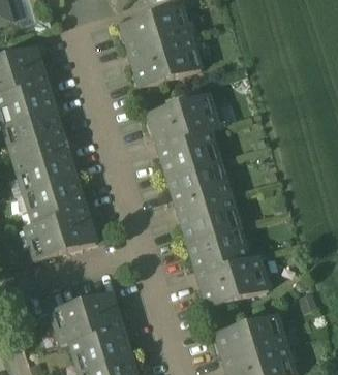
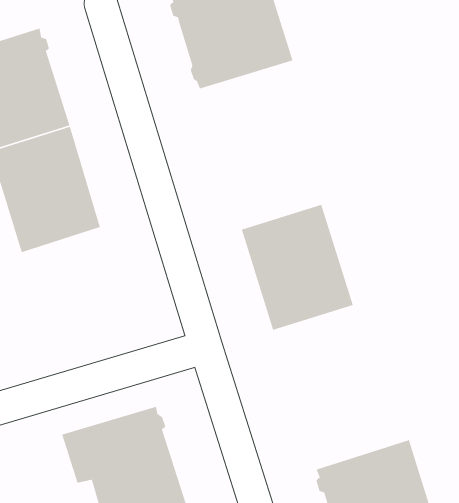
building: [147,93,219,177] -> none
building: [24,176,95,258] -> none
building: [187,226,268,307] -> none

